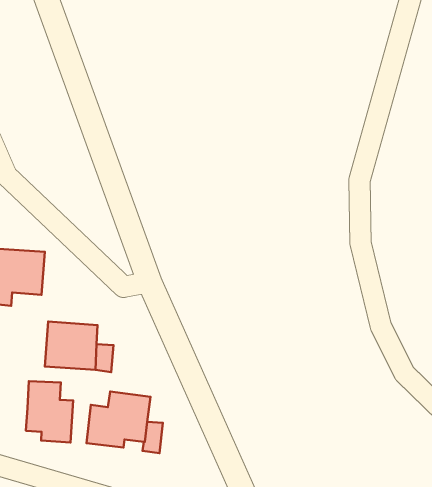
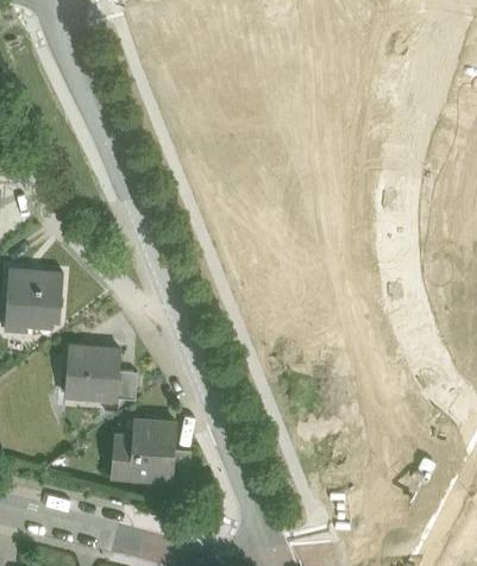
building: [26,381,73,442] -> none

